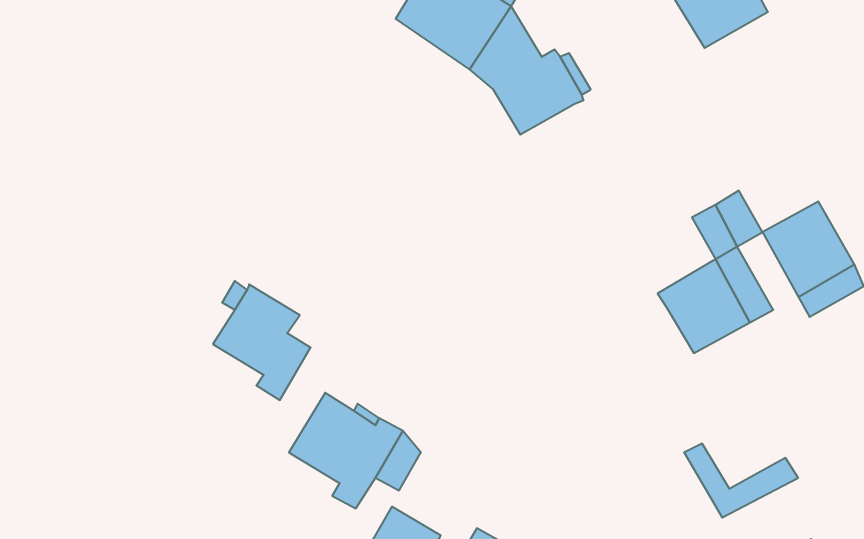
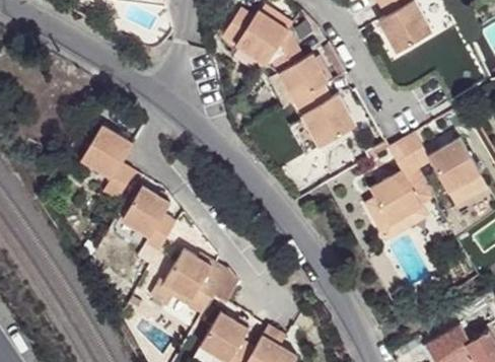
building: none -> [292,84,355,147]
building: none -> [78,123,134,199]
building: [684,444,798,518] -> [364,199,428,240]

